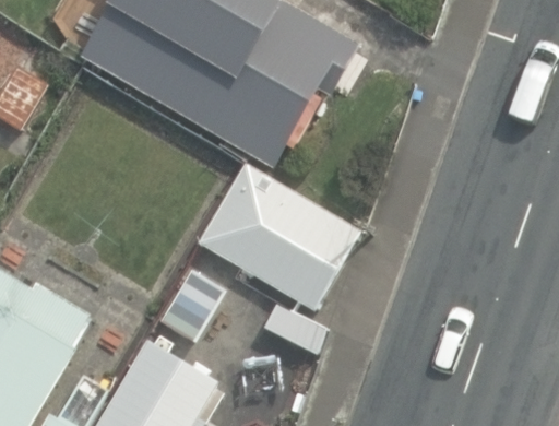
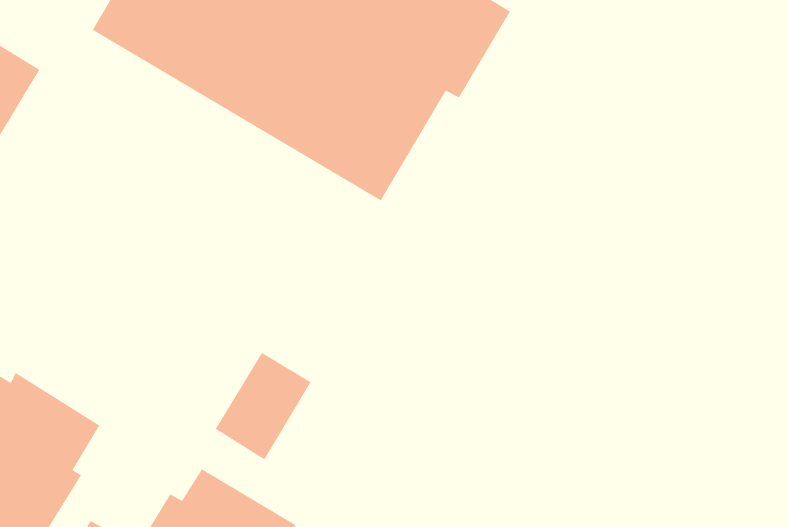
building: [195,162,360,311] -> none

